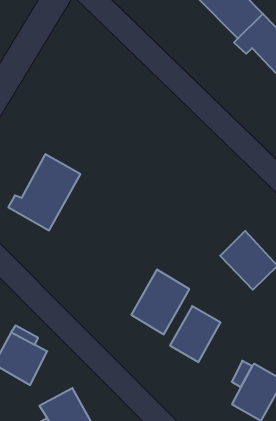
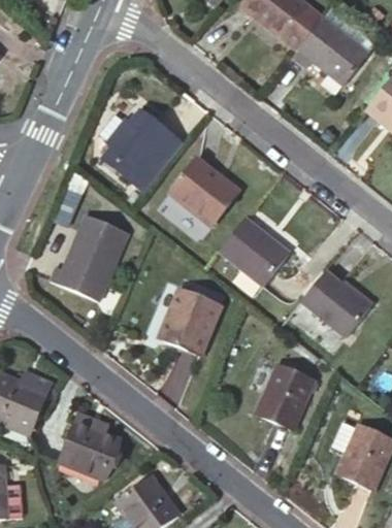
building: none -> [111,108,191,189]
building: none -> [175,157,244,225]
building: none -> [224,217,295,286]
building: [131,270,189,334] -> [159,287,223,361]

